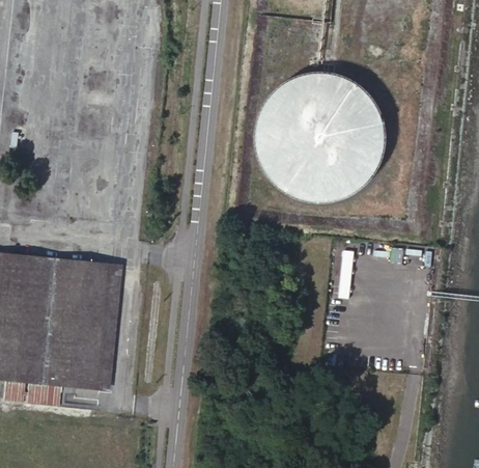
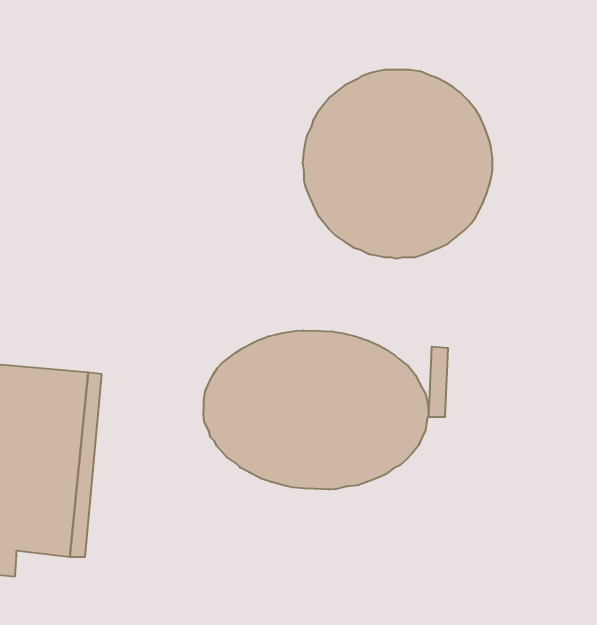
building: none -> [204,330,429,490]

